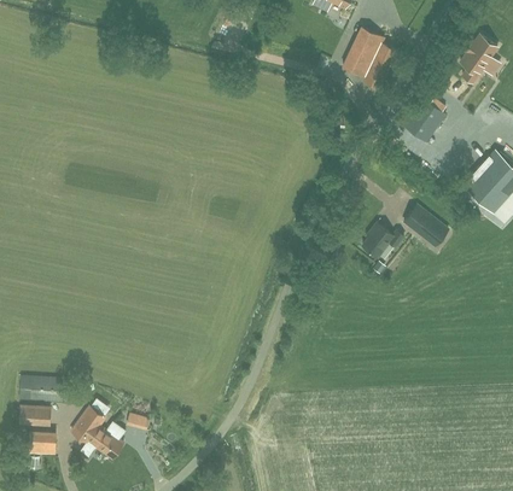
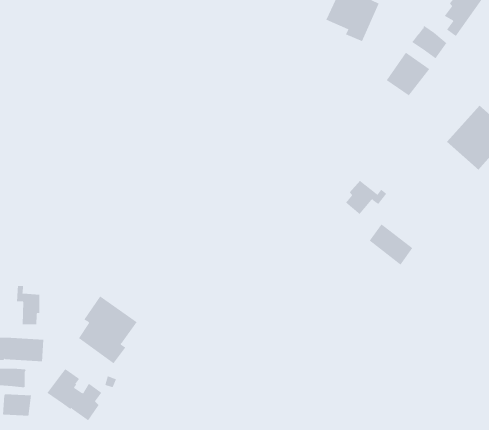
building: none -> [411,25,447,59]
building: [403,205,447,246] -> [369,223,413,265]
building: none -> [17,285,40,325]
building: none -> [78,296,138,364]

